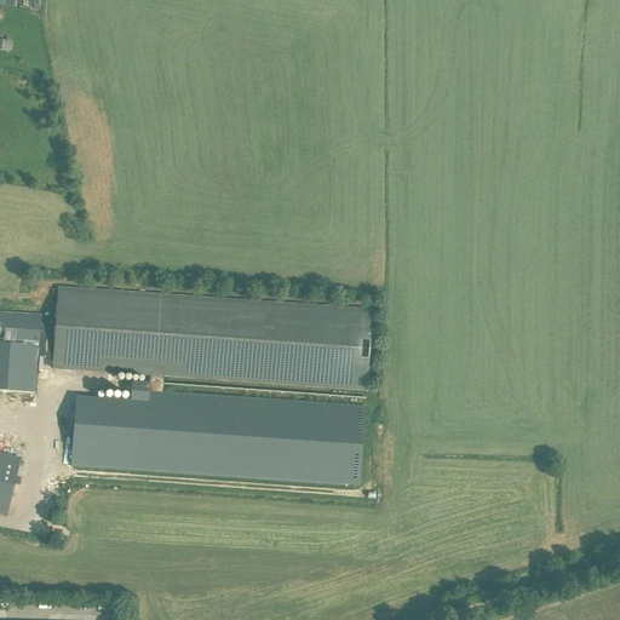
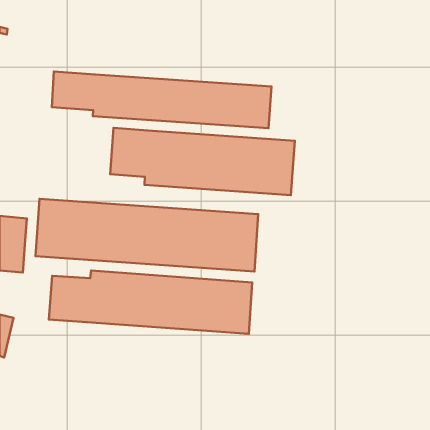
building: none -> [52,71,272,128]
building: none -> [110,128,295,195]

